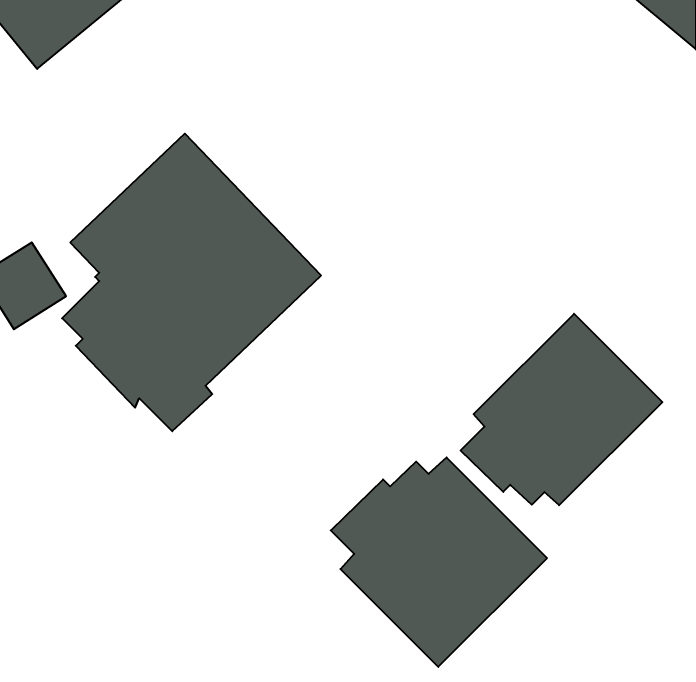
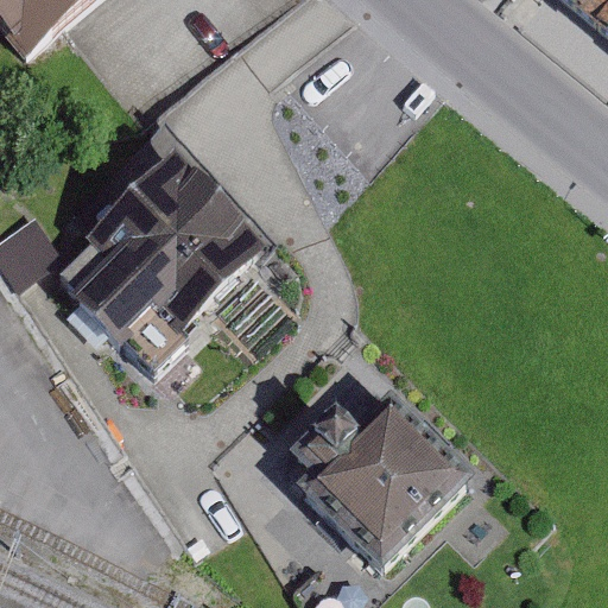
building: [461,314,662,505] -> none

